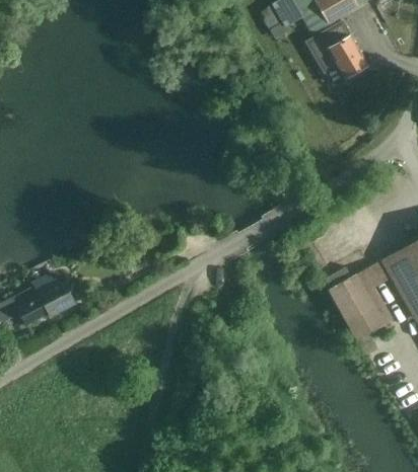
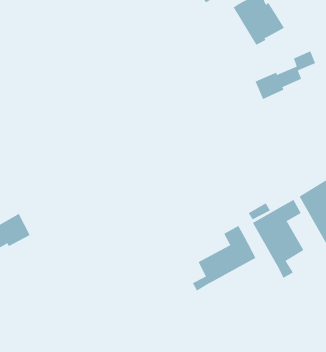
building: none -> [255,51,316,100]
building: none -> [192,225,256,291]

